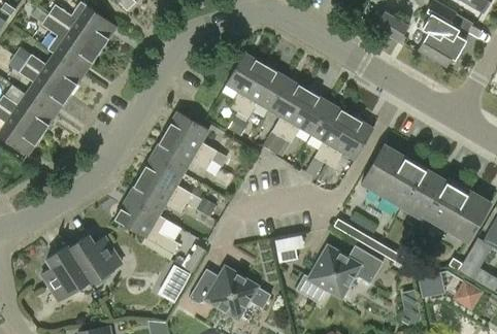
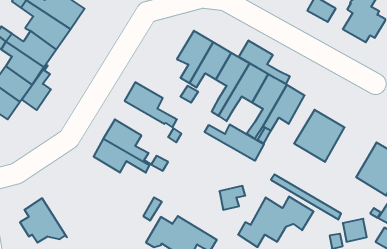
building: none -> [239,40,290,84]
building: none -> [22,65,51,110]
building: [152,133,209,173] -> none
building: none -> [205,124,264,161]
building: [396,164,456,222] -> none
building: [113,198,177,258] -> none
building: [67,235,118,292] -> none
building: [158,264,190,301] -> none

